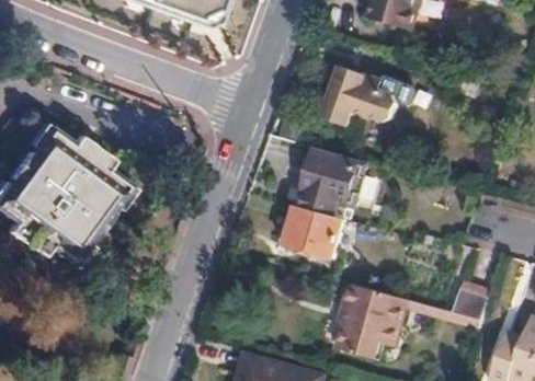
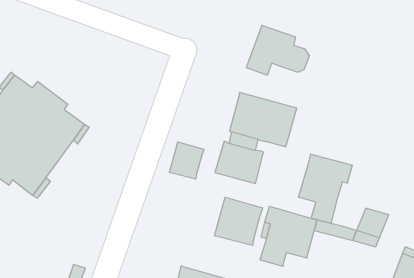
building: none -> [169,142,204,179]
building: none -> [299,154,352,224]
building: none -> [215,197,262,245]

